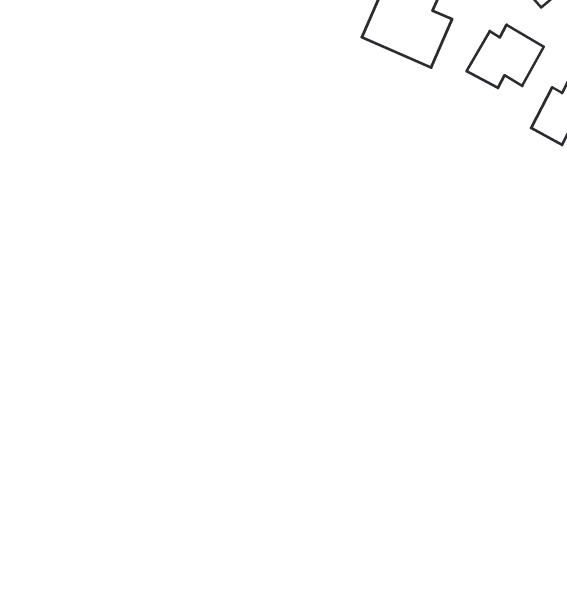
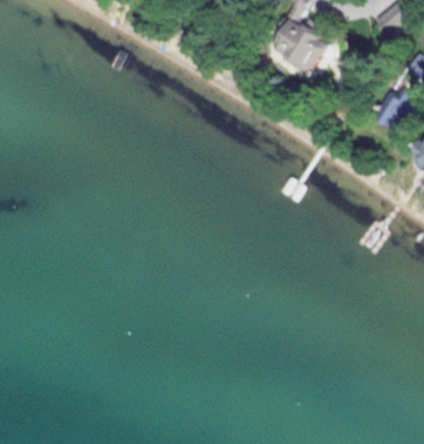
building: [467,25,544,88] -> none

